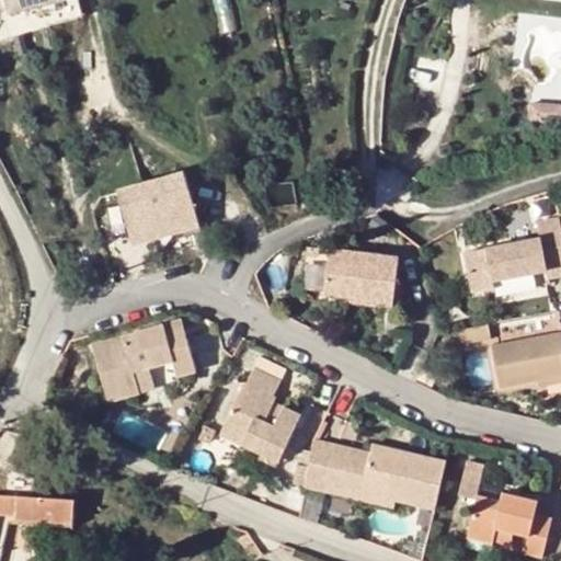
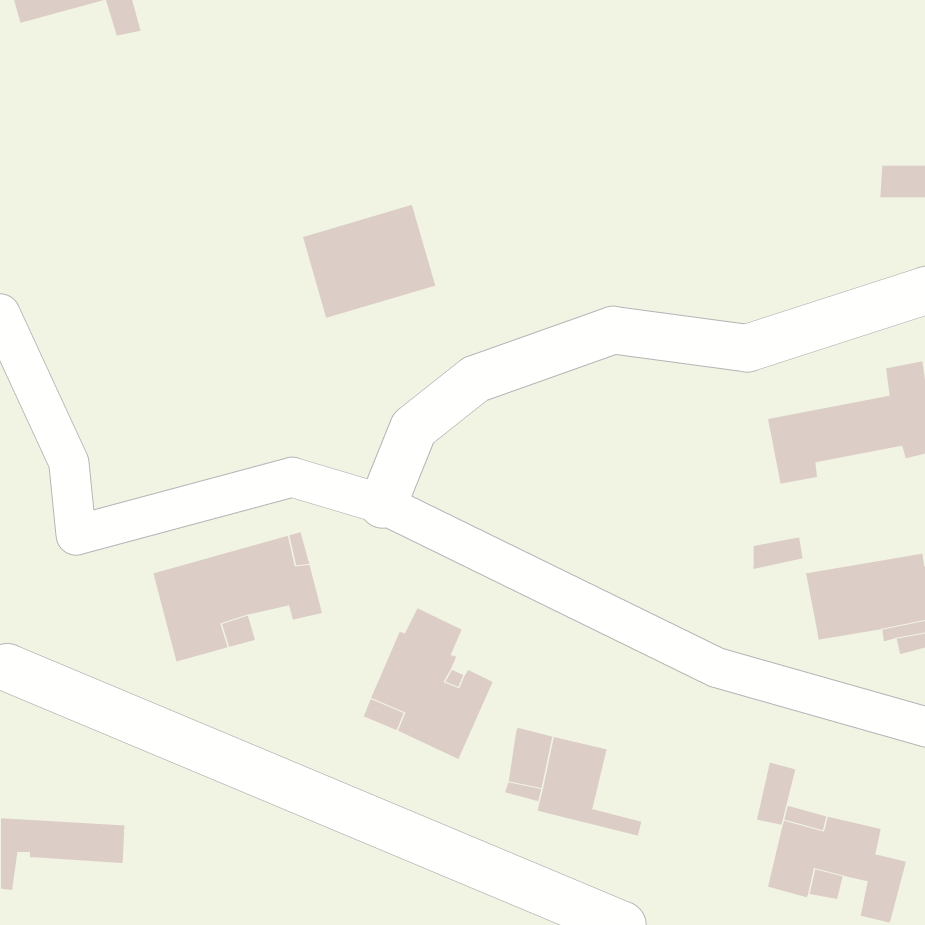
building: [116,172,197,241] -> [302,204,436,318]
building: [325,248,401,304] -> none
building: [359,444,446,507] -> none

